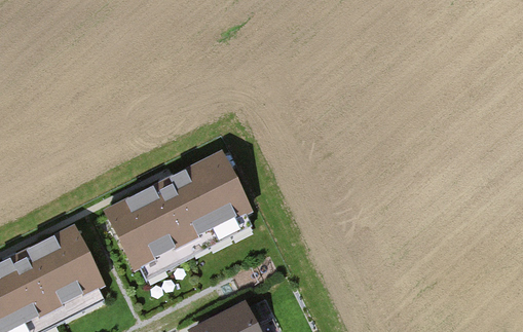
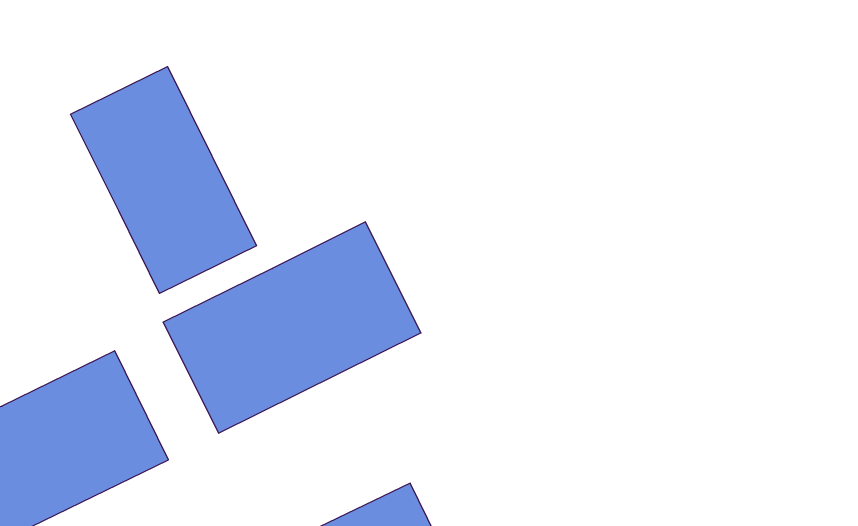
building: none -> [71,67,257,293]

